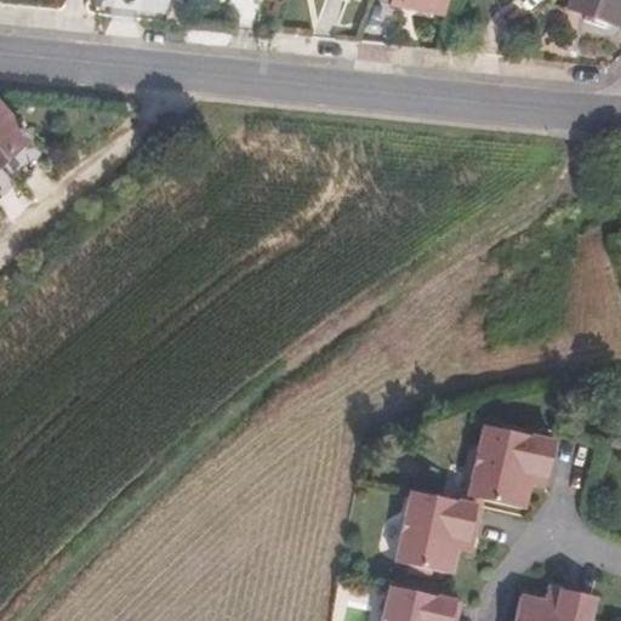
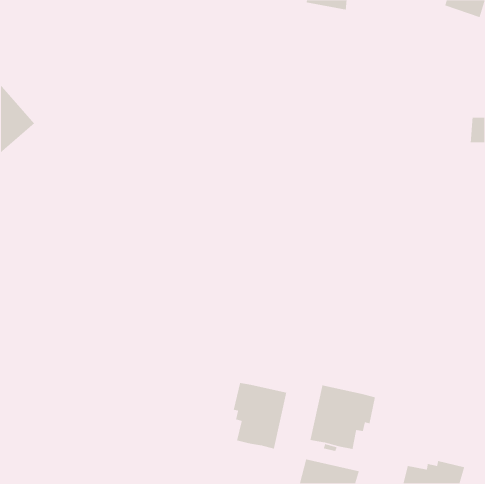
building: [466,426,553,515] -> none
building: none -> [233,382,287,449]

